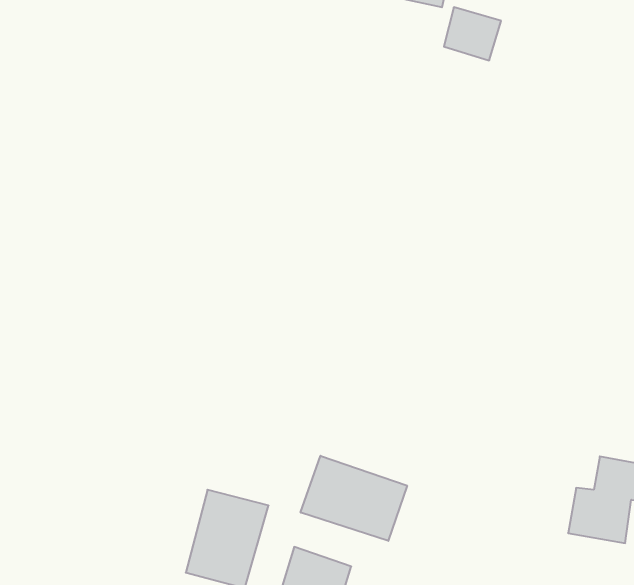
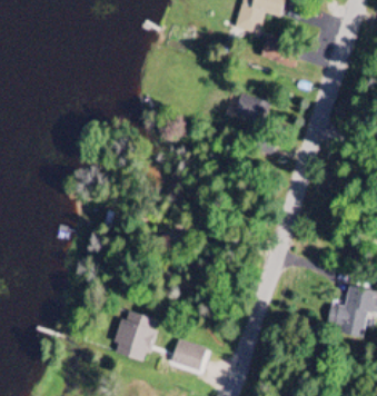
building: none -> [231,92,271,123]
building: [301,456,407,541] -> none

